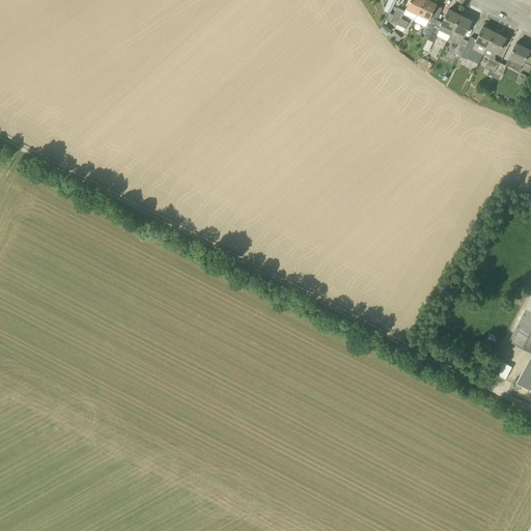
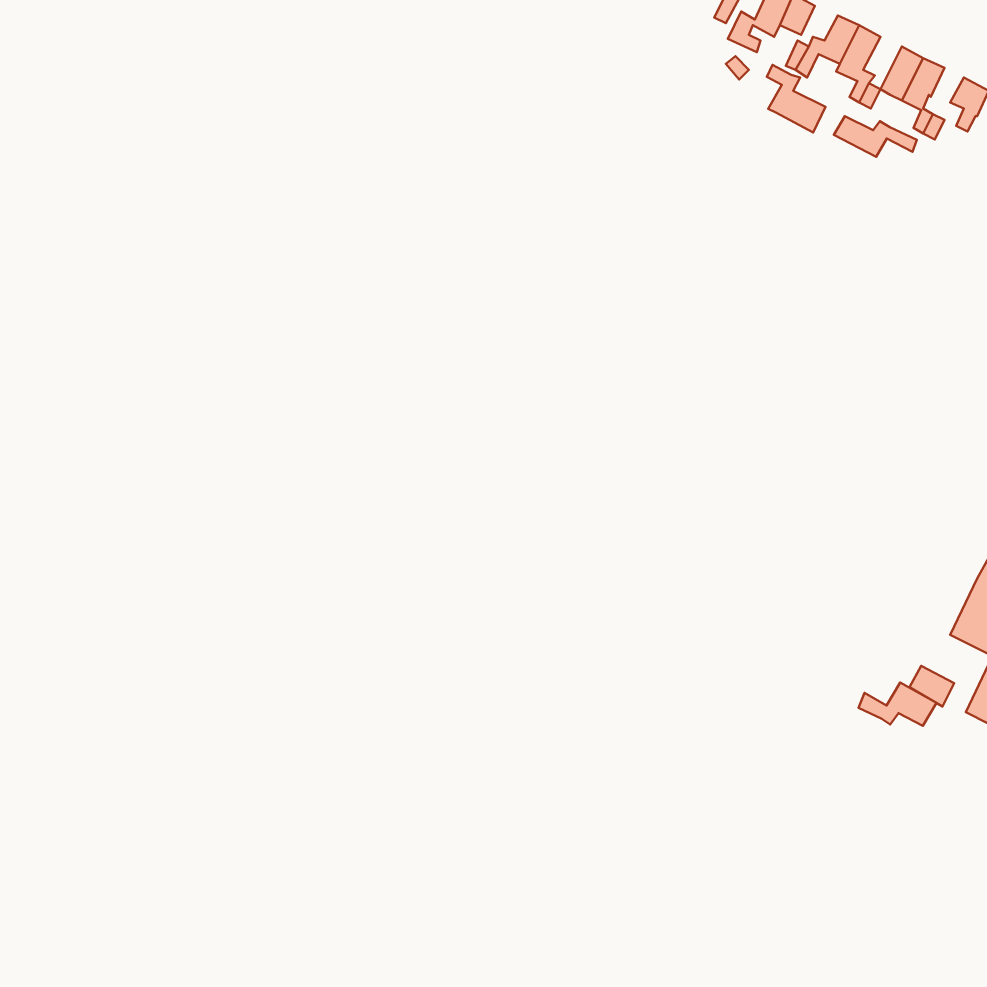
building: none -> [767,65,826,132]
building: none -> [834,116,917,157]
building: none -> [858,682,937,726]

